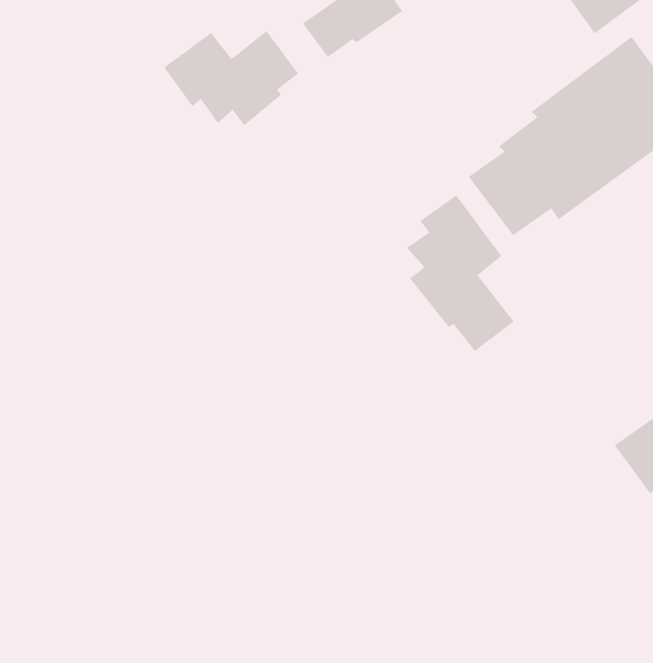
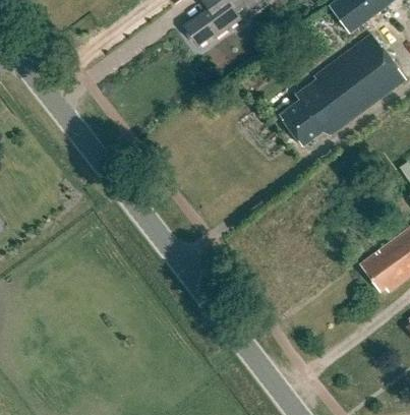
building: [164,30,299,126] -> none
building: [406,194,515,352] -> none

